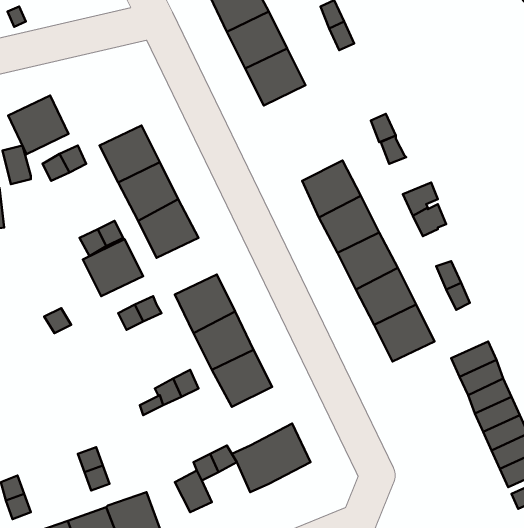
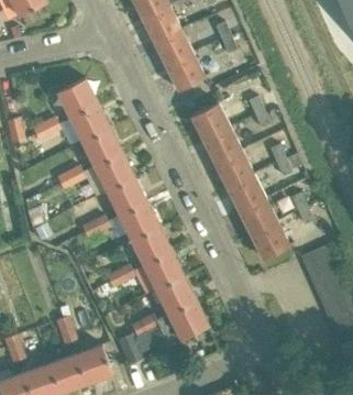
building: [8,95,68,154] -> [58,79,98,118]
building: none -> [191,103,230,141]
building: [83,239,143,296] -> [108,178,147,216]
building: none -> [157,276,197,315]

